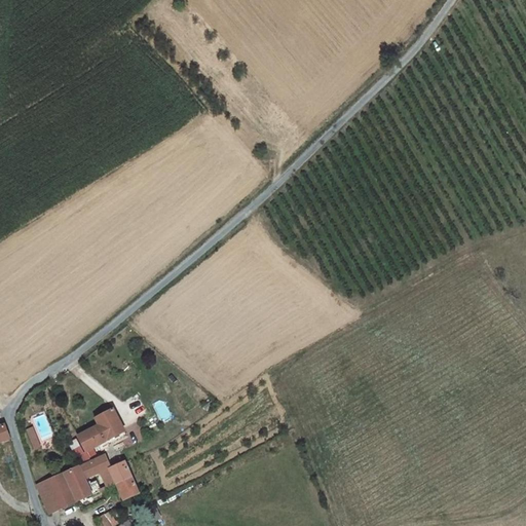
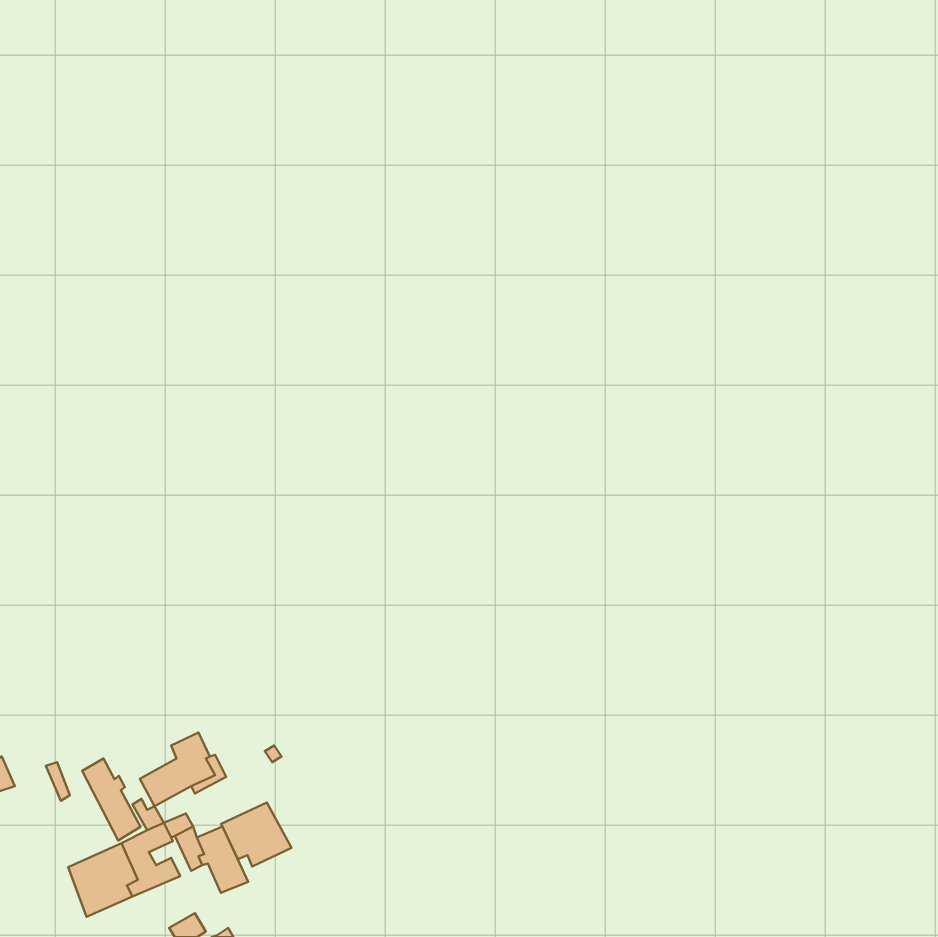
building: none -> [82,758,140,841]
building: none -> [221,802,291,866]

